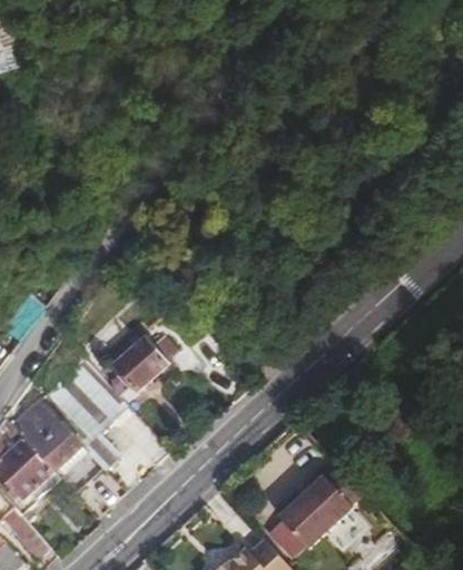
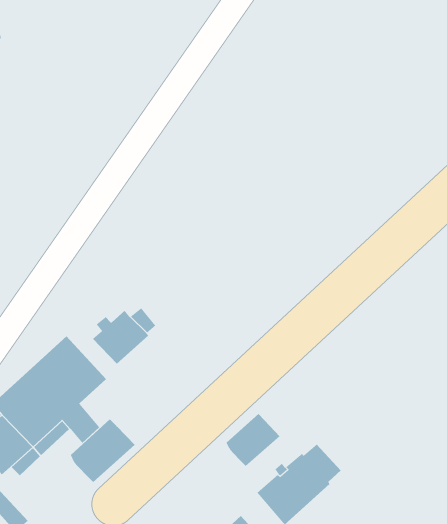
building: none -> [226,413,281,467]
building: none -> [70,419,135,483]

